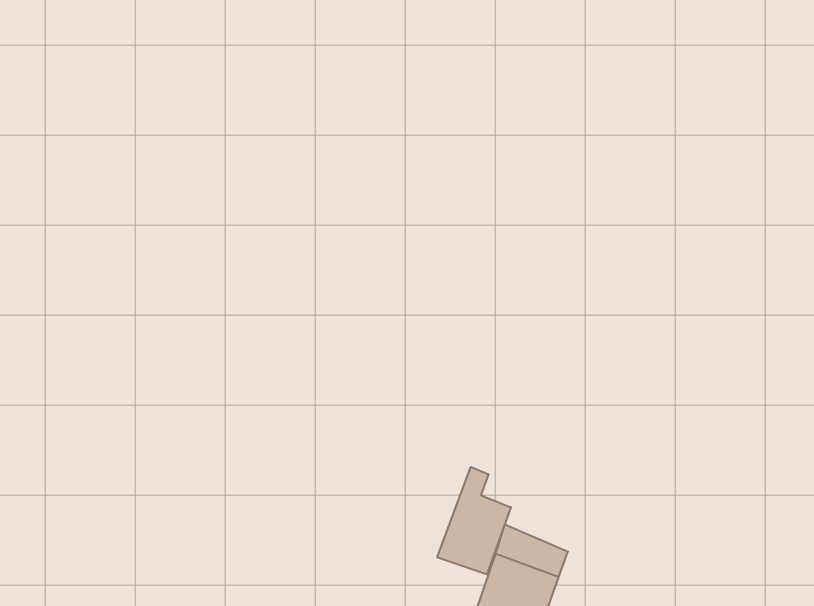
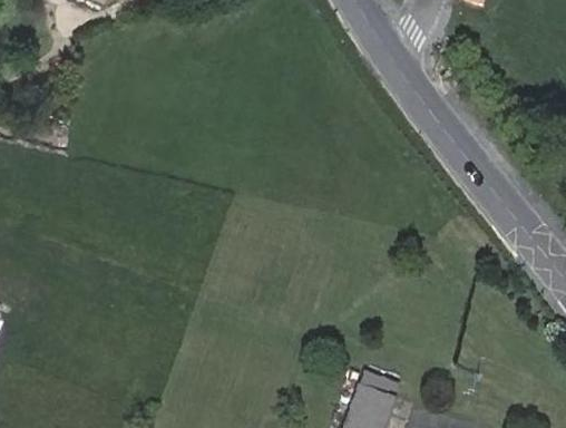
building: [437,467,511,574] -> none

